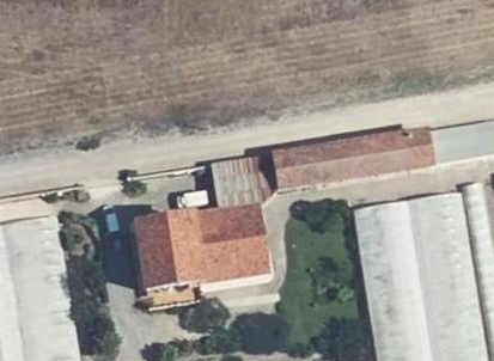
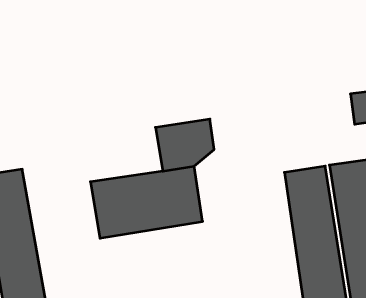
building: [270,130,432,190] -> none

